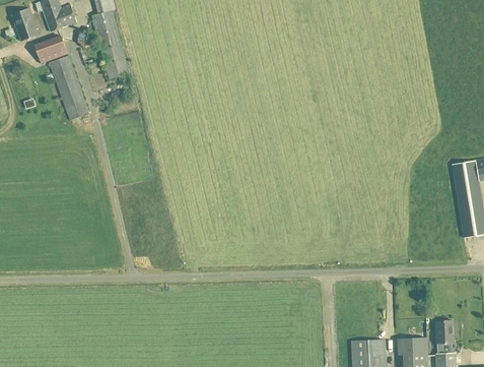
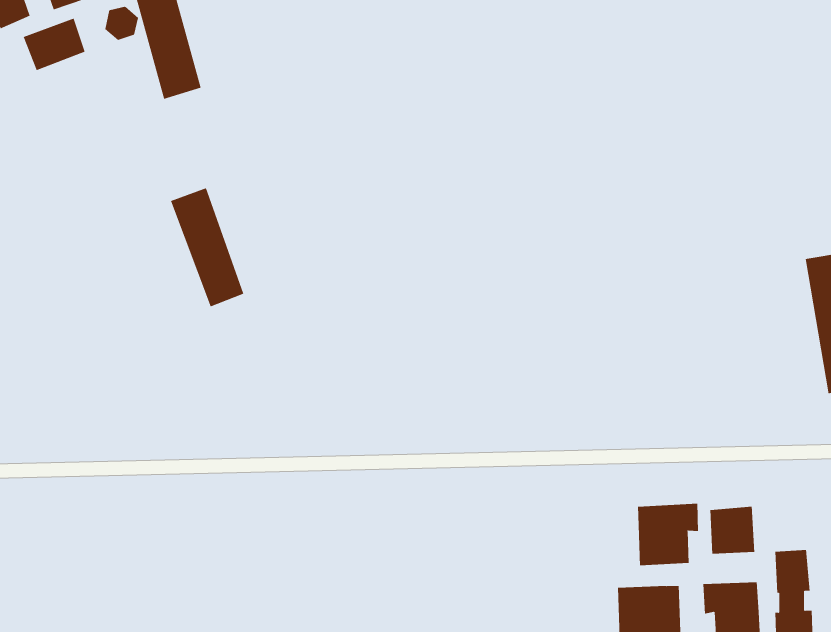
building: [49,55,88,119] -> [170,188,244,307]
building: none -> [637,503,699,566]
building: none -> [710,506,755,555]

